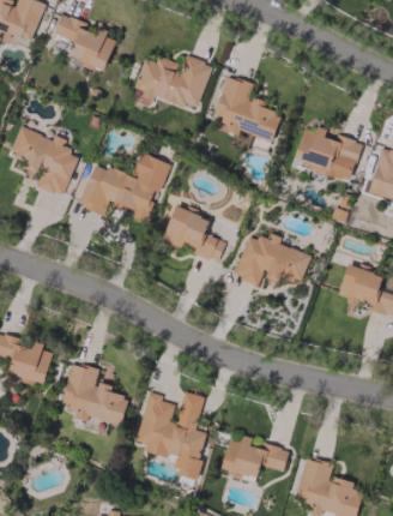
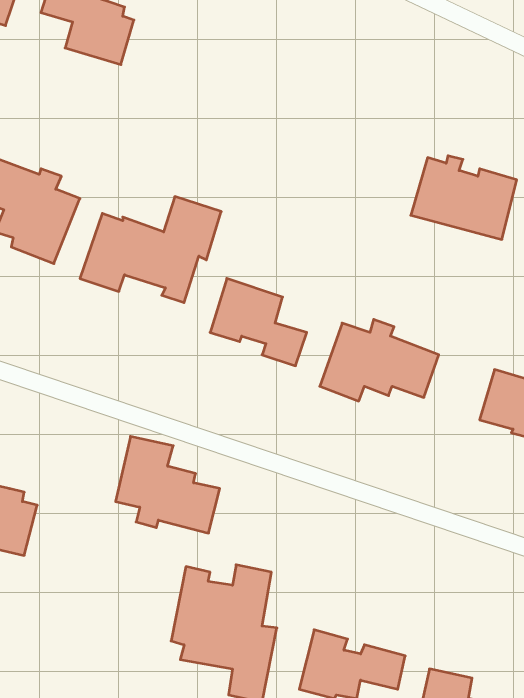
building: [133,55,212,106] -> none
building: [214,74,280,140] -> none
building: [61,362,128,425] -> [116,436,220,533]

